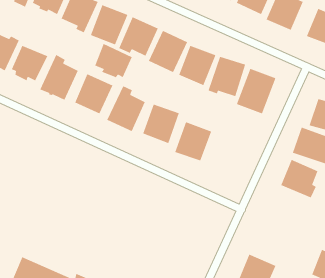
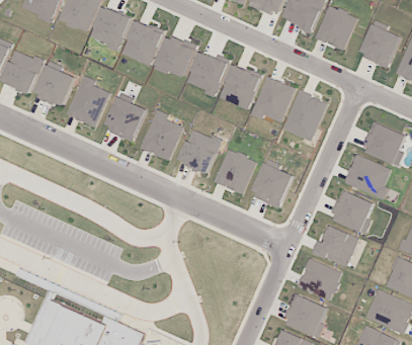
building: [94,43,133,78] -> none
building: none -> [251,162,294,207]
building: none -> [313,227,358,267]
building: none -> [298,259,342,300]

